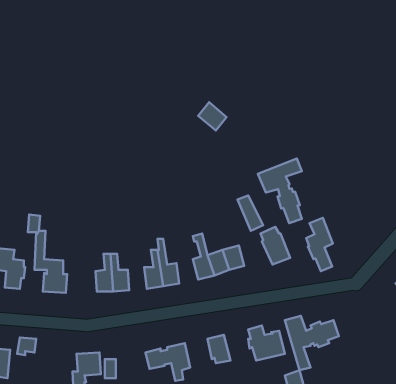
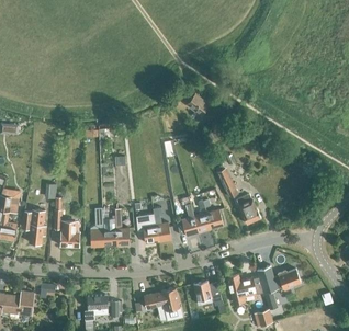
building: [258,159,302,223] -> none
building: [306,218,333,271] -> none
building: none -> [90,206,108,247]

